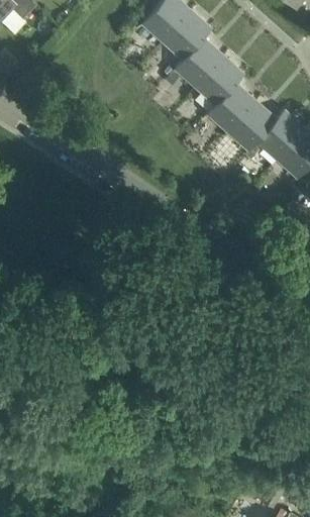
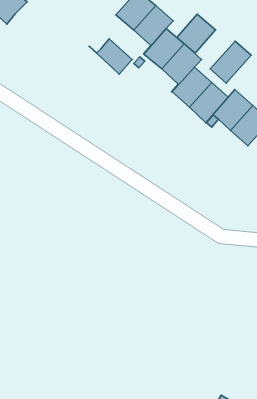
building: none -> [177,14,215,53]
building: none -> [89,39,132,74]
building: none -> [210,41,251,83]

